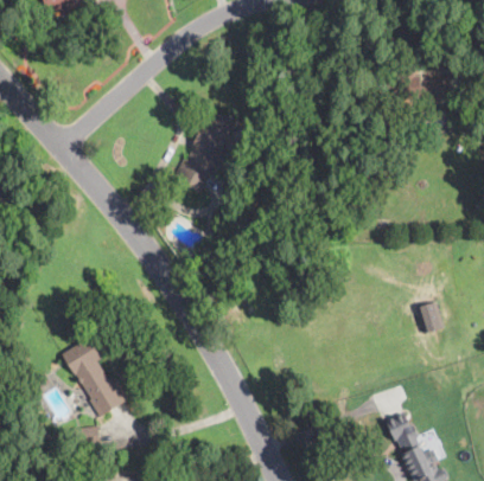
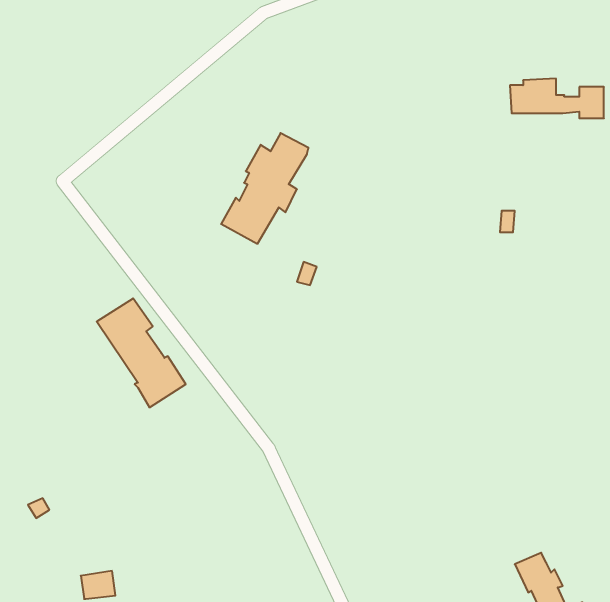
building: [416,301,444,333] -> none
building: [60,338,125,416] -> [97,298,186,407]

